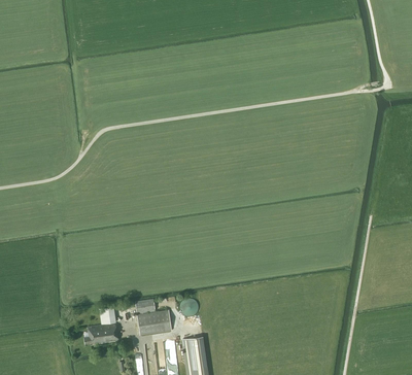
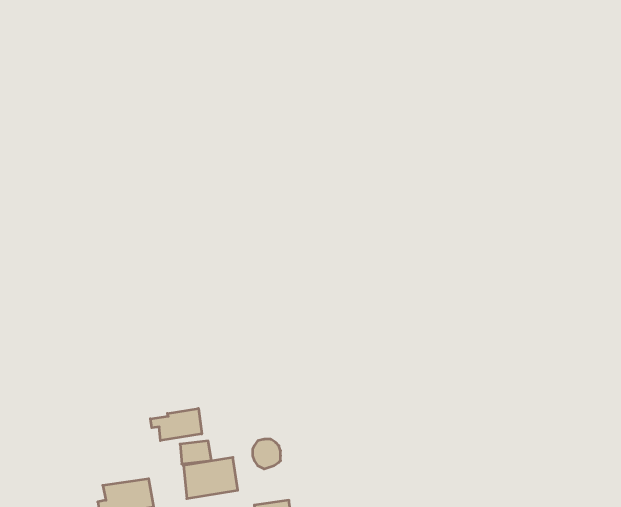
building: none -> [150,408,202,441]

